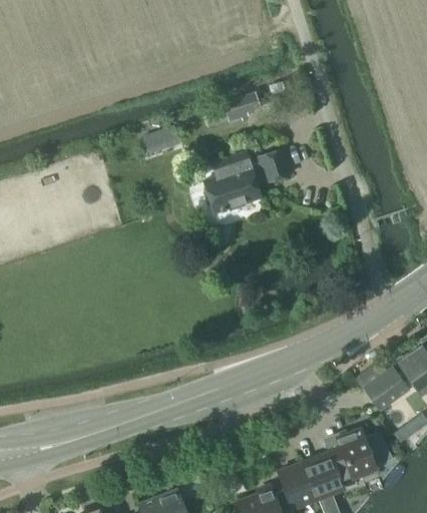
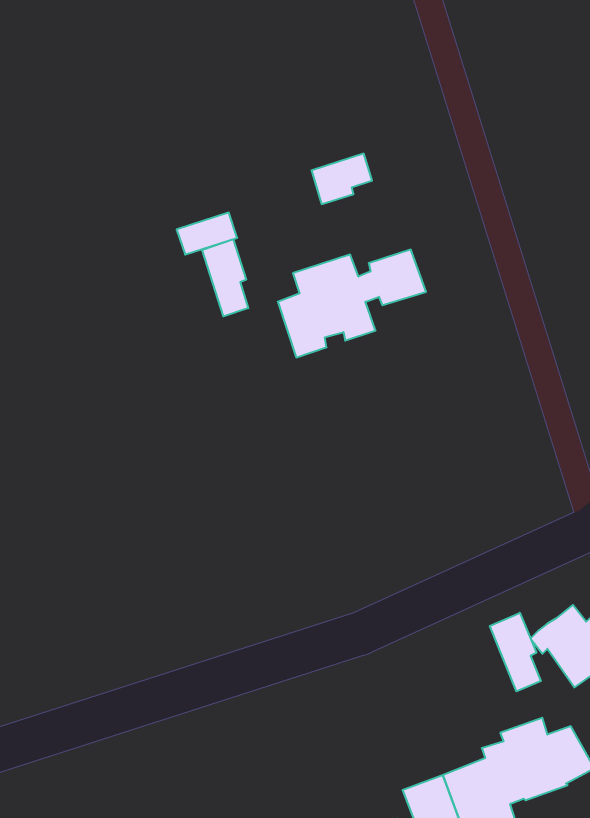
building: none -> [202,239,248,316]
building: none -> [490,613,541,691]

